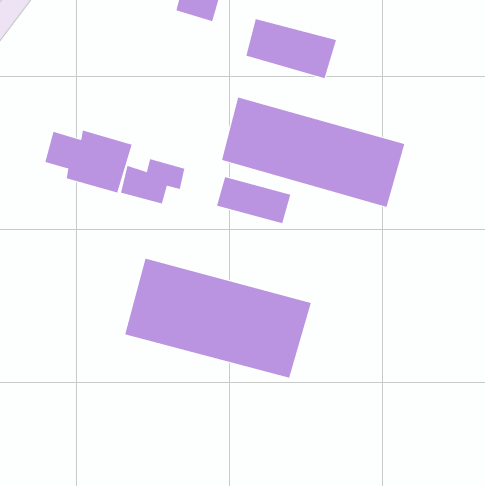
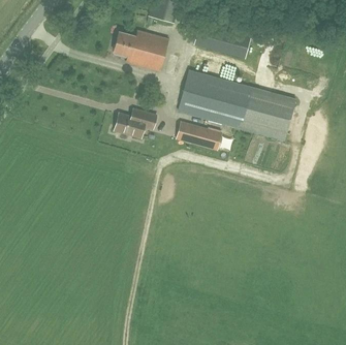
building: [45,130,133,193] -> [113,30,168,70]
building: [124,258,311,379] -> none

